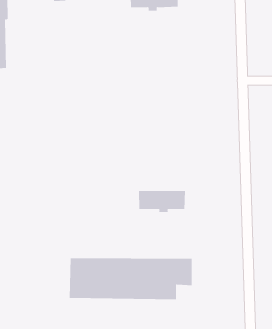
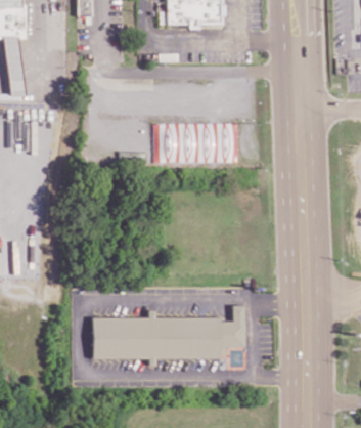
building: [139,190,185,213] -> none

